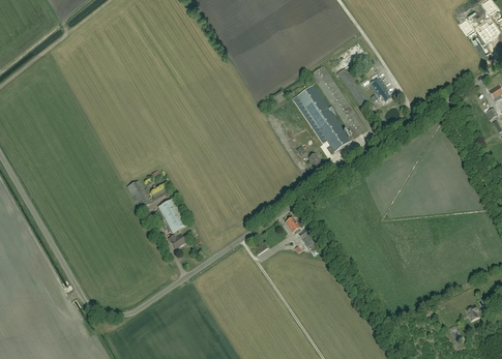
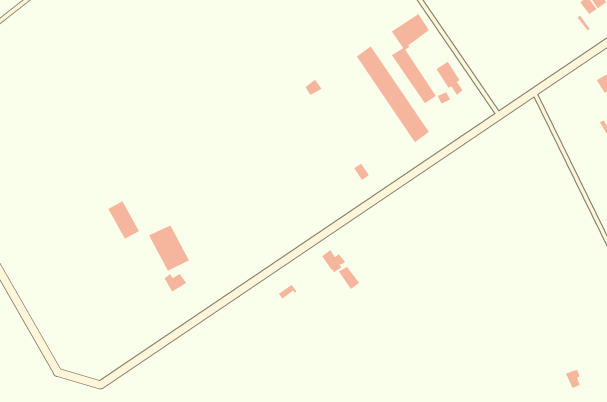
building: [296,85,350,151] -> none

